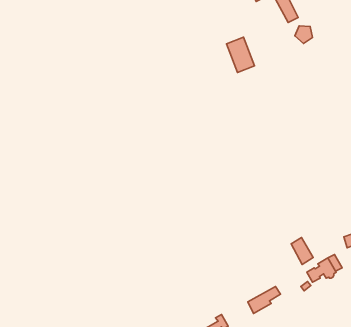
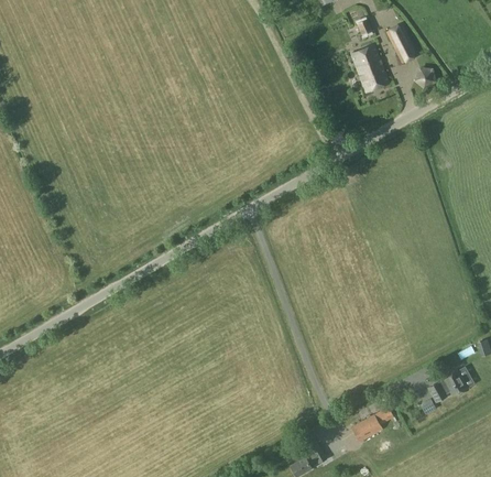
building: [227,37,254,73] -> [351,45,388,91]
building: [291,238,313,264] -> none

